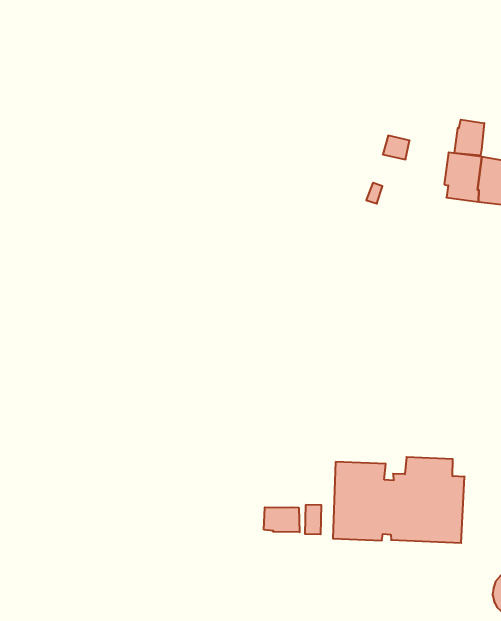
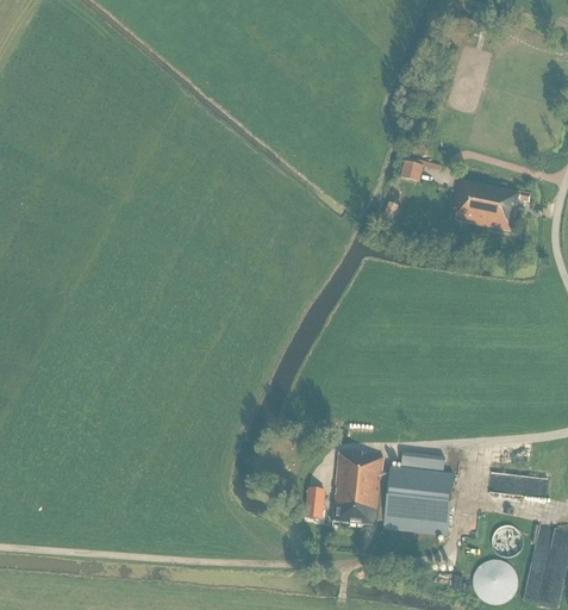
building: [455,120,484,155] -> none
building: [264,507,300,532] -> none

